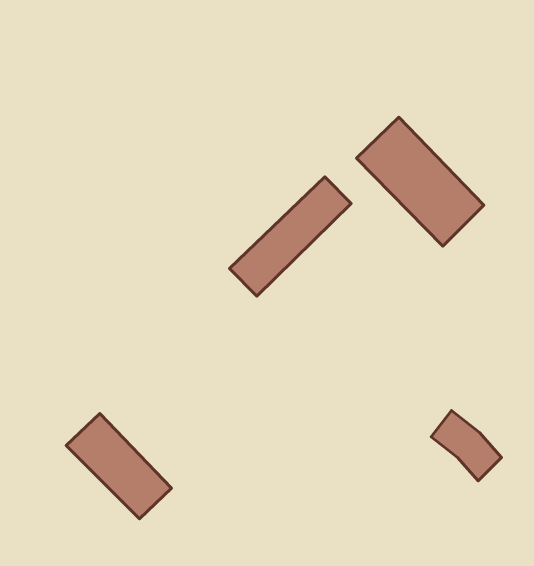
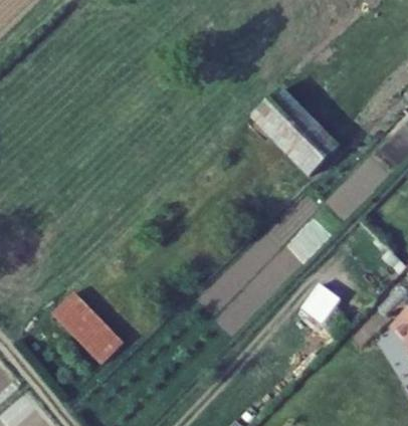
building: [229,177,351,296] -> none

